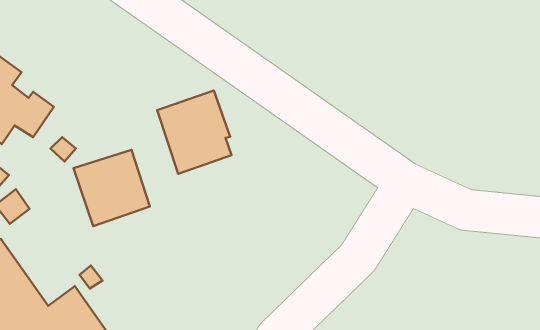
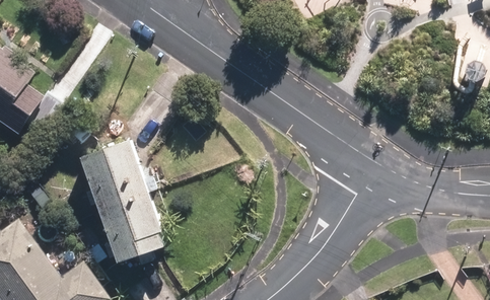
building: [157,90,231,174] -> [97,189,162,261]

